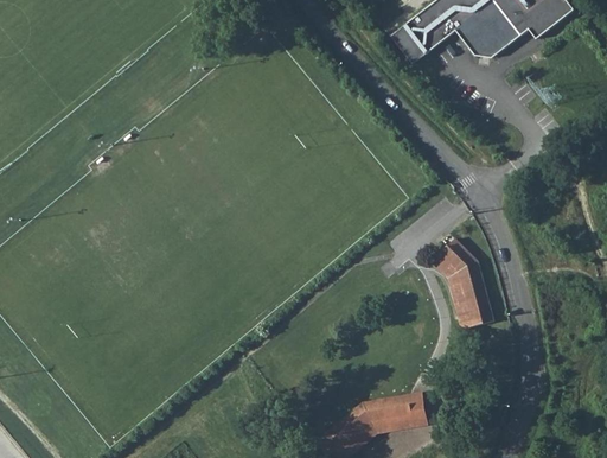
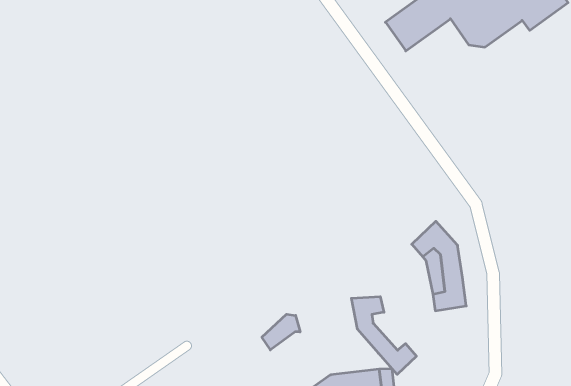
building: none -> [351,297,416,374]
building: none -> [262,314,300,350]

